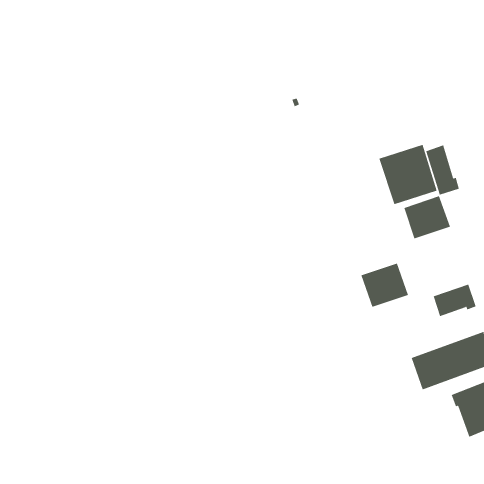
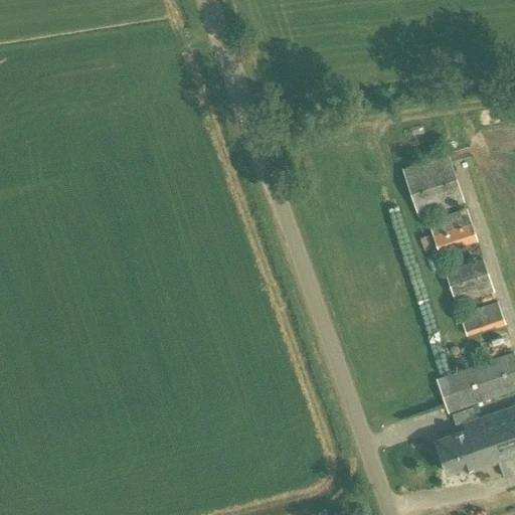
building: [425,145,459,195] -> none
building: [360,263,409,308] -> [445,258,496,305]
building: none -> [435,419,498,477]

